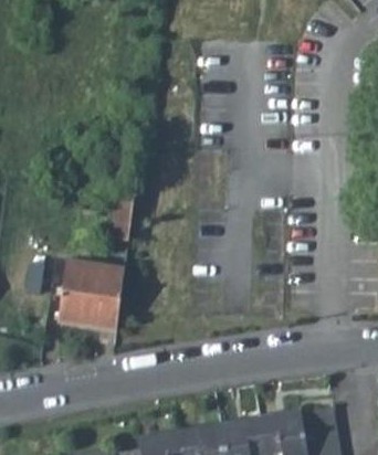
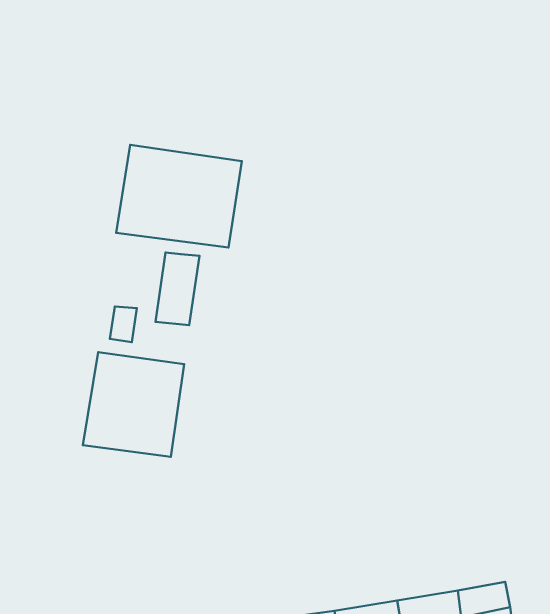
building: none -> [116,145,242,247]

